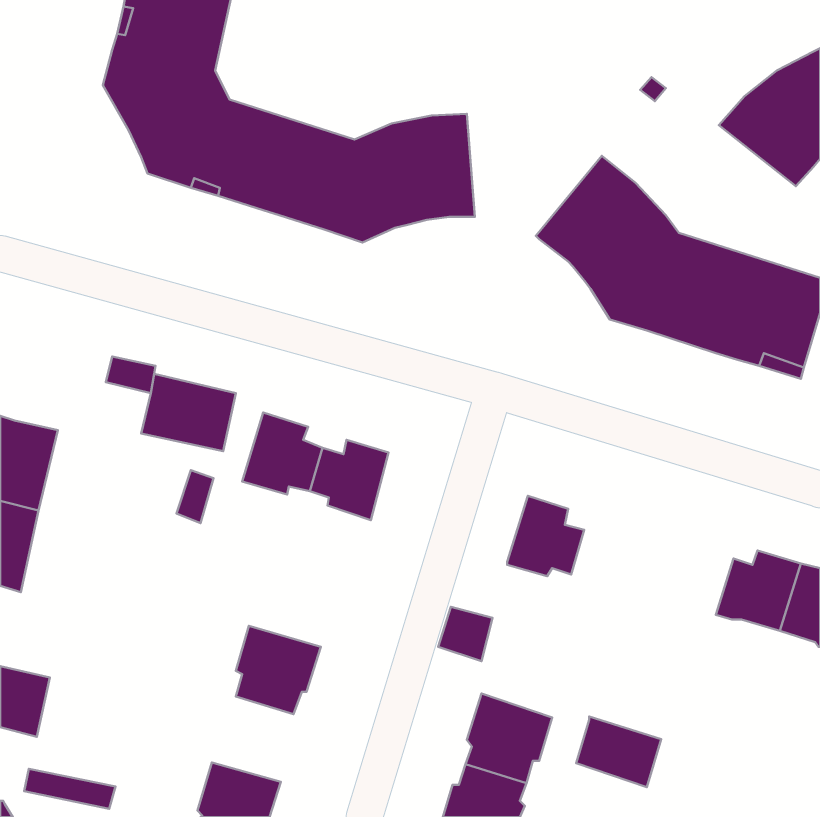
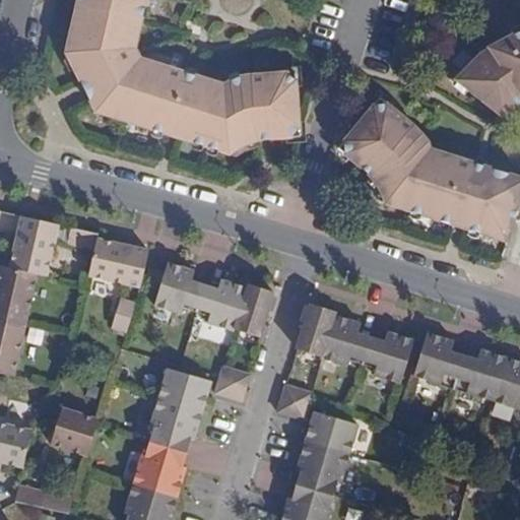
building: none -> [9,214,58,275]
building: none -> [235,282,273,337]
building: none -> [296,303,335,355]
building: none -> [362,330,414,382]
building: none -> [414,332,464,389]
building: none -> [214,365,250,399]
building: none -> [157,368,211,409]
building: none -> [50,405,99,454]
building: none -> [134,441,186,495]
building: [576,717,661,787] -> [305,409,359,454]

